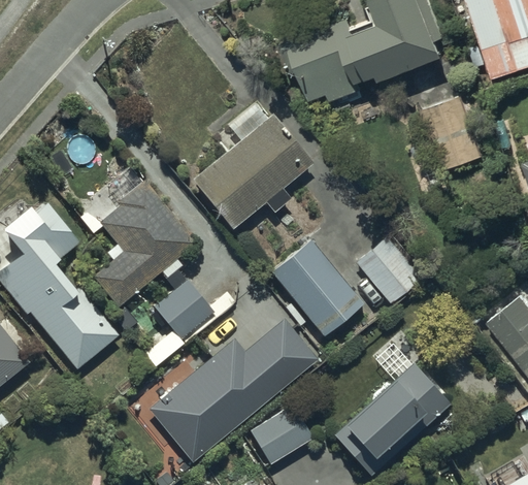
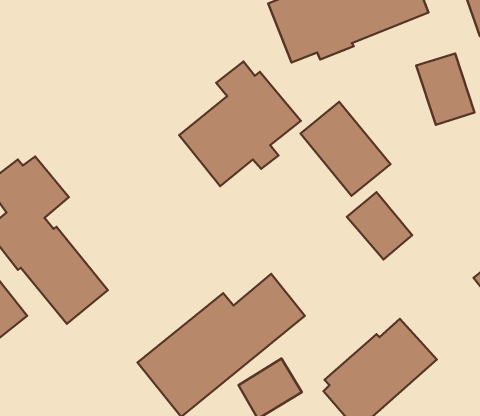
building: [91,167,195,309] -> none
building: [275,241,366,336] -> [300,102,390,196]
building: [153,280,213,341] -> none

